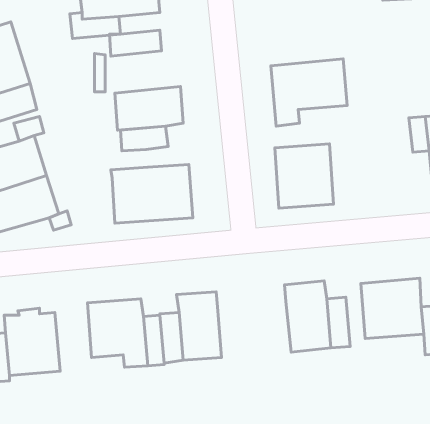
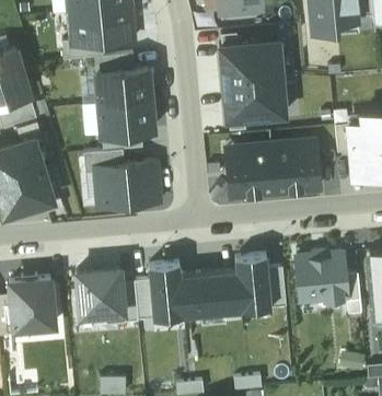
building: none -> [220,35,282,83]
building: none -> [96,70,152,105]
building: none -> [271,142,321,194]
building: none -> [85,150,126,173]
building: none -> [182,271,241,316]

